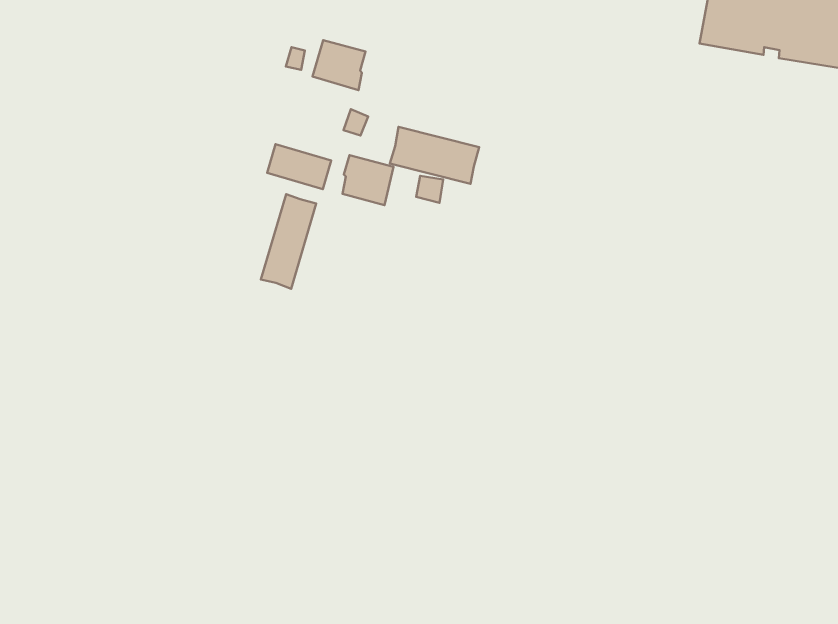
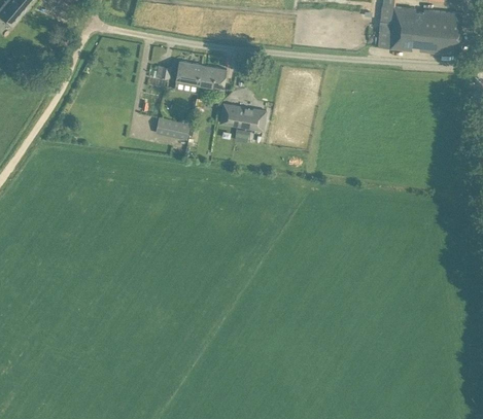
building: [342,155,394,205] -> [199,65,225,90]
building: [261,194,316,289] -> none

